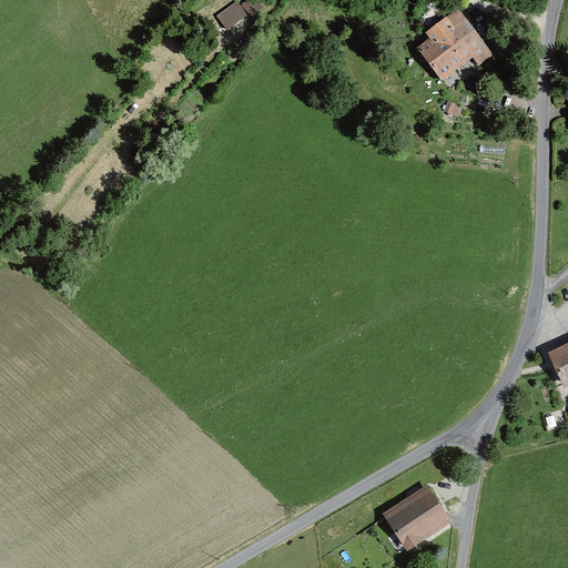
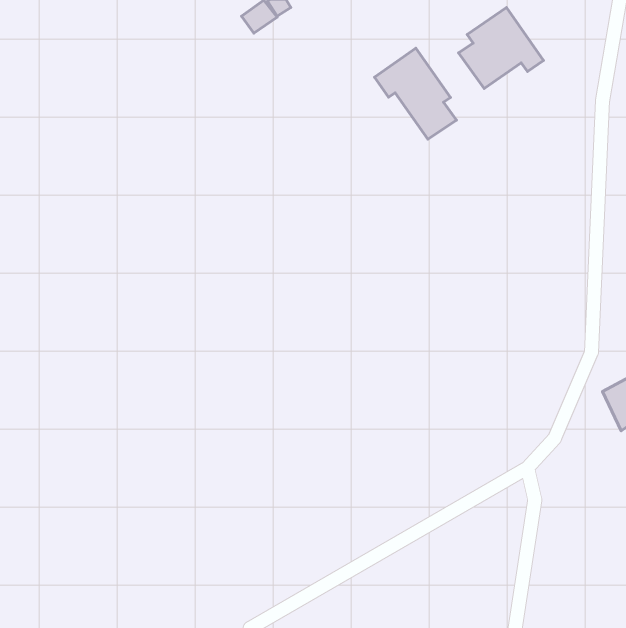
building: none -> [374,48,457,139]
building: [382,485,453,552] -> none

